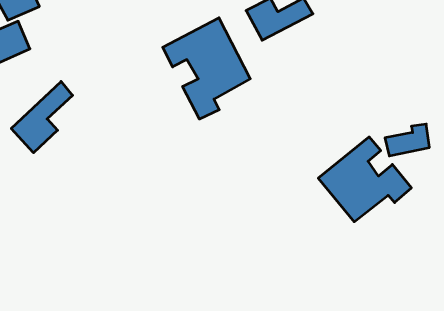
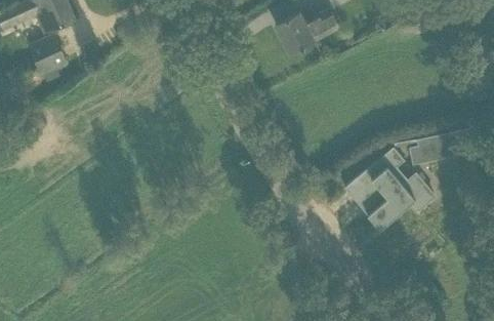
building: [163,18,250,119] -> none
building: [11,81,73,153] -> none

